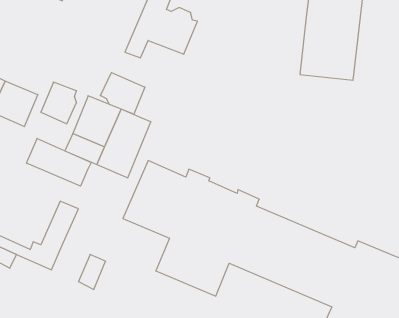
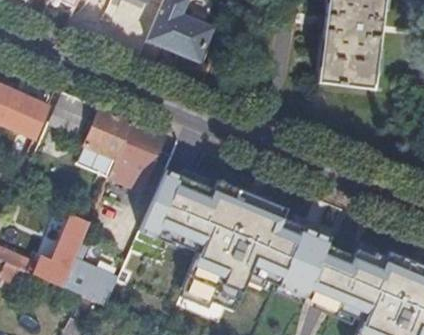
building: [100,73,145,114] -> none
building: [27,138,91,186] -> none
building: none -> [62,256,102,296]

